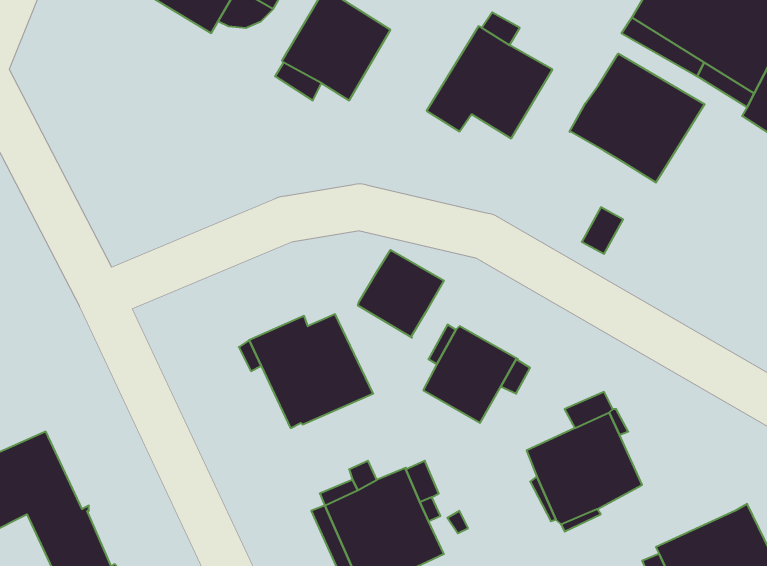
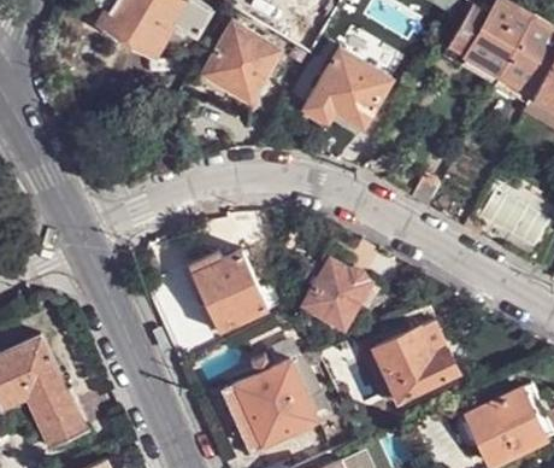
building: [570,54,705,183] -> none
building: [358,250,444,338] -> none

